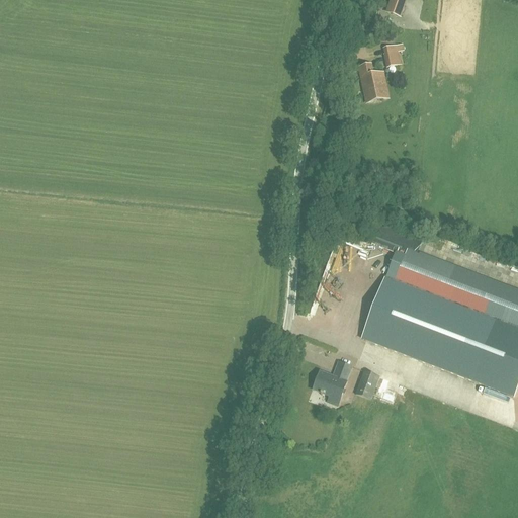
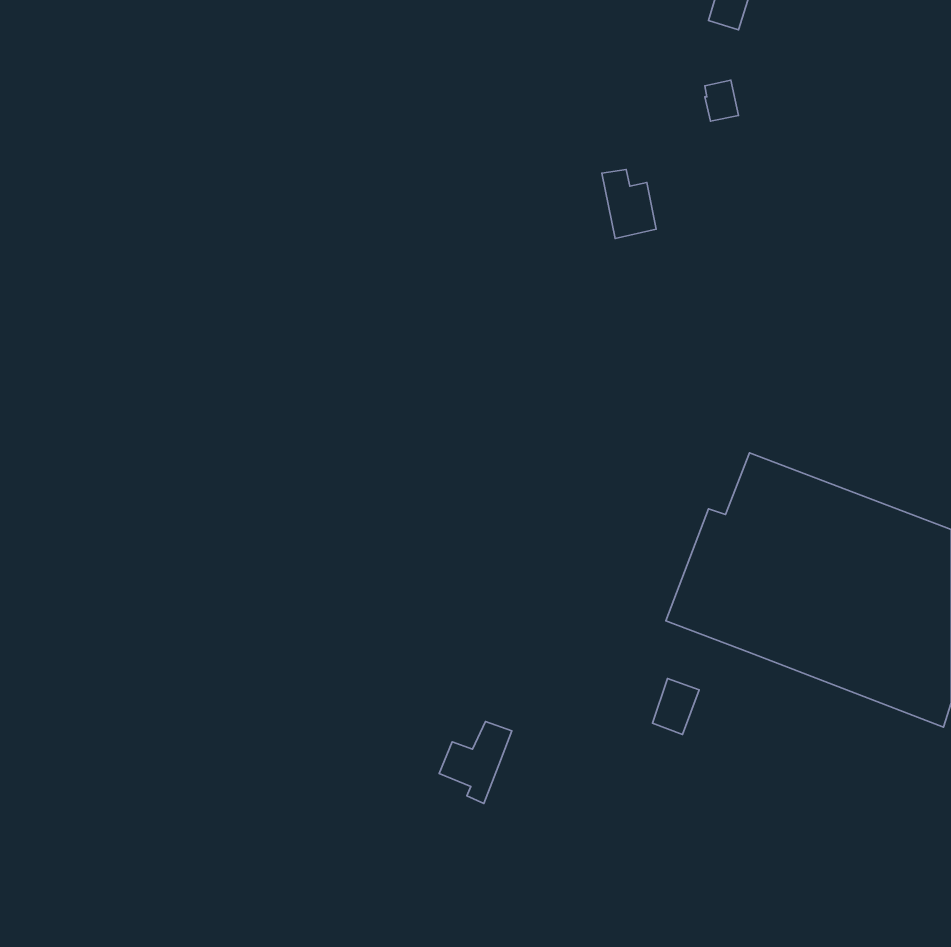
building: [358,64,387,101] -> [602,170,656,239]
building: [313,359,352,404] -> [439,721,512,803]

